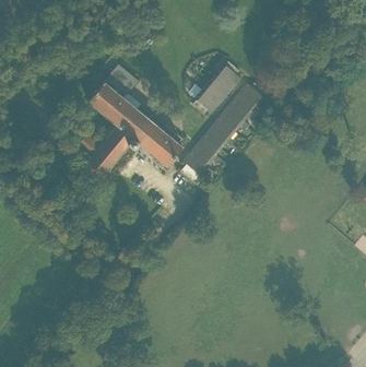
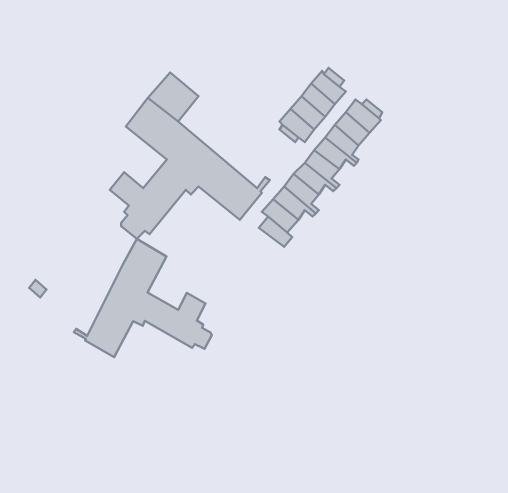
building: none -> [74,239,212,357]

